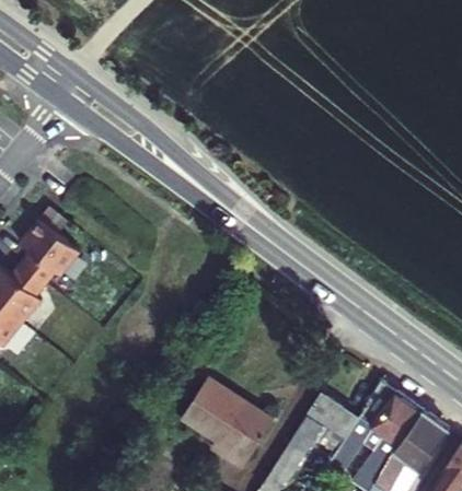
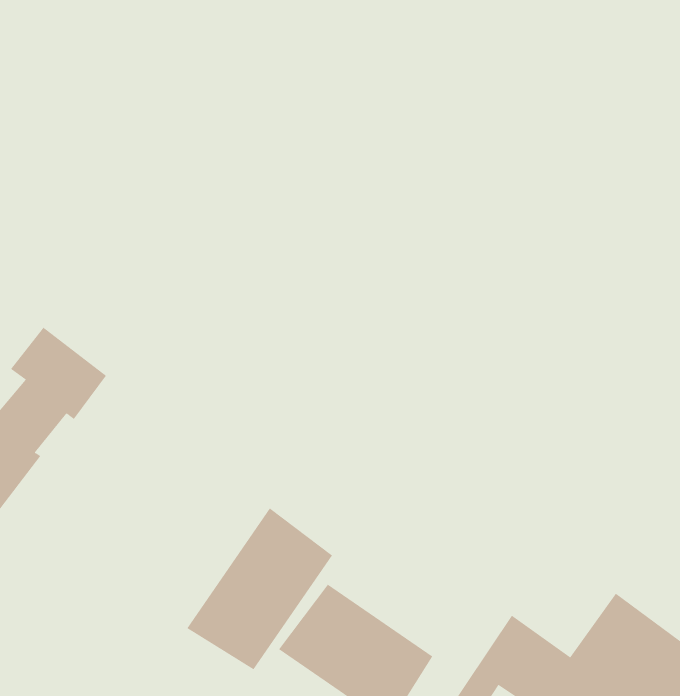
building: none -> [187,508,333,670]

